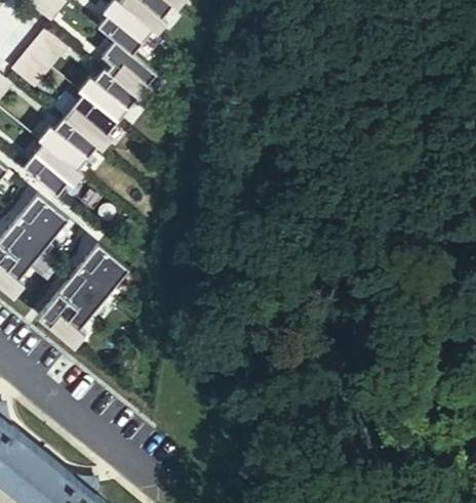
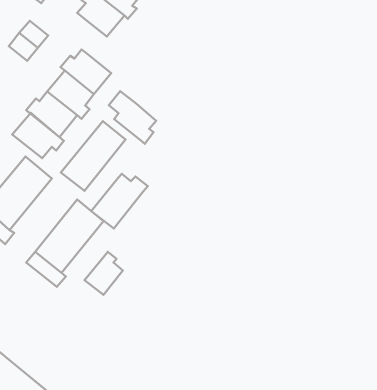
building: [100,40,155,101] -> [109,91,156,144]
building: none -> [61,121,126,191]
building: none -> [91,174,148,229]
building: none -> [85,252,123,295]

